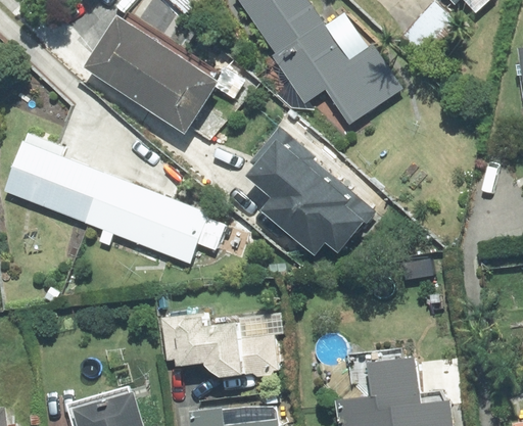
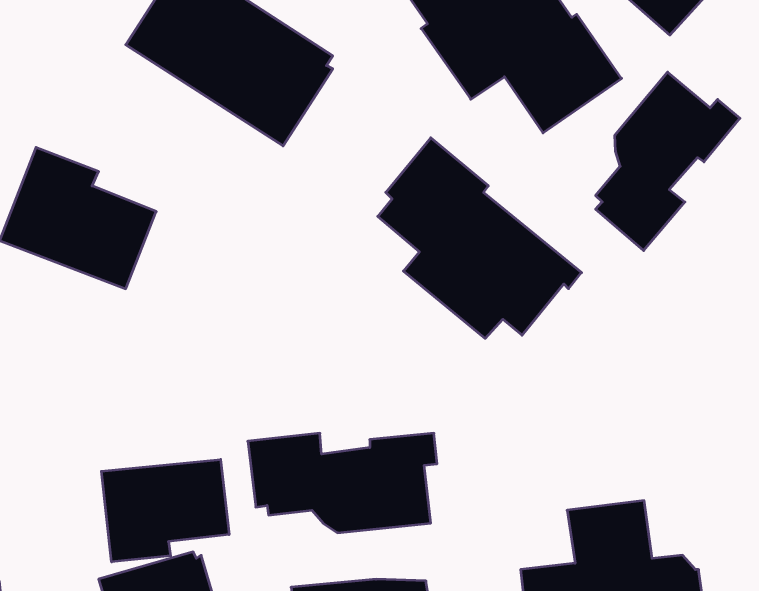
building: none -> [596,72,740,251]
building: [84,173,226,263] -> none
building: none -> [101,459,229,562]

